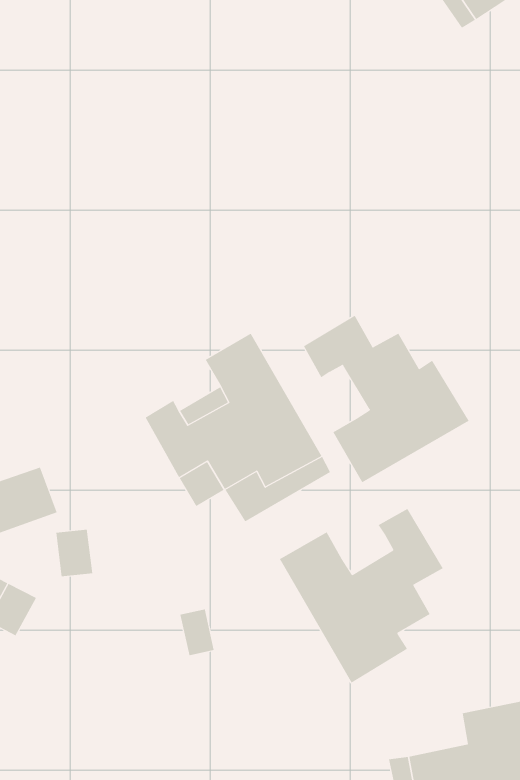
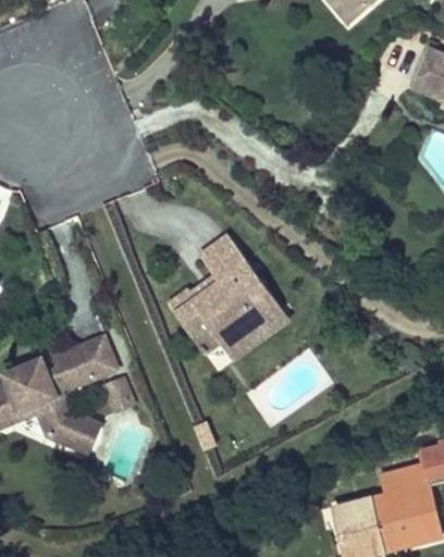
building: [303,315,469,483] -> none
building: [279,508,444,683] -> none

